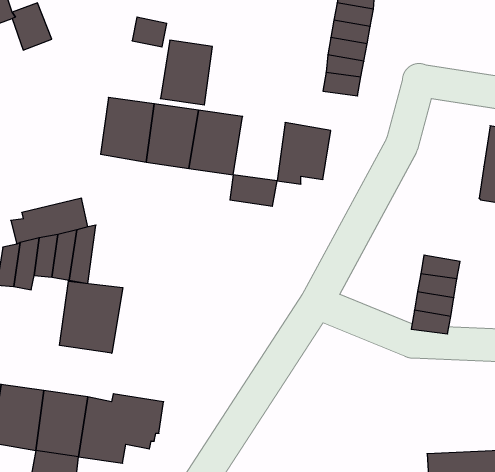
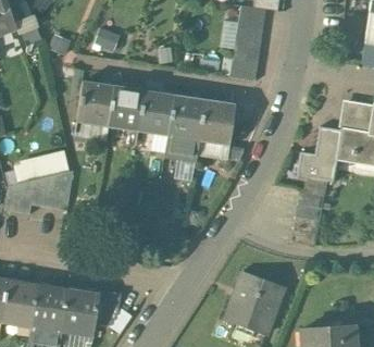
building: [160,40,212,105] -> [167,96,203,140]
building: none -> [297,127,340,182]
building: [60,281,123,353] -> none
building: none -> [224,274,282,335]

